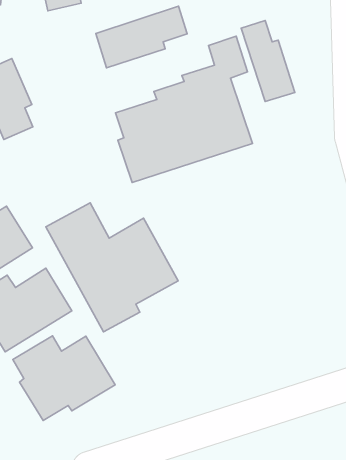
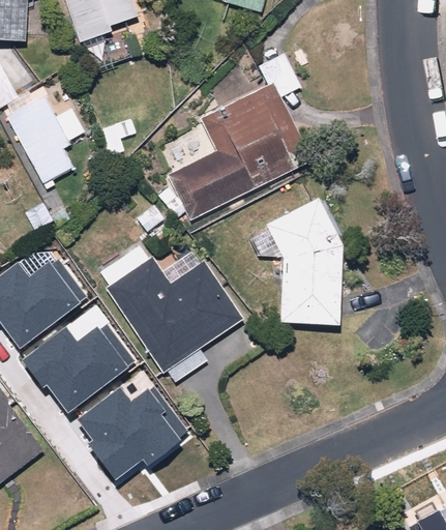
building: [96,6,187,68] -> none
building: [241,20,295,102] -> none
building: none -> [248,200,346,322]

